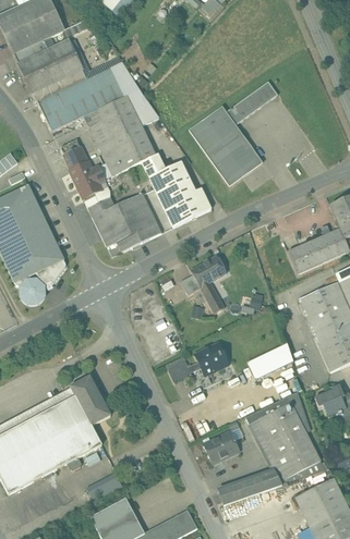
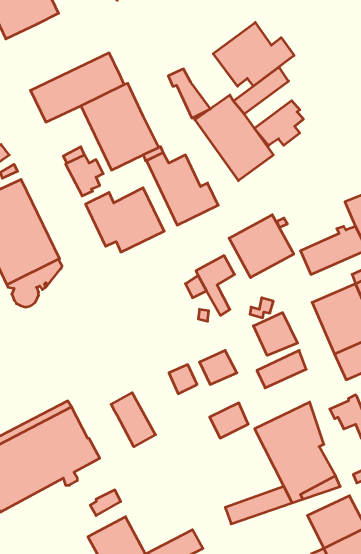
building: none -> [213,22,294,86]
building: [14,39,81,89] -> none
building: [120,79,159,125] -> [168,69,211,118]
building: none -> [255,101,303,146]
building: none -> [229,215,294,278]
building: none -> [253,313,298,355]
building: [70,375,111,425] -> [111,393,156,446]
building: [203,430,239,463] -> [210,403,248,438]

